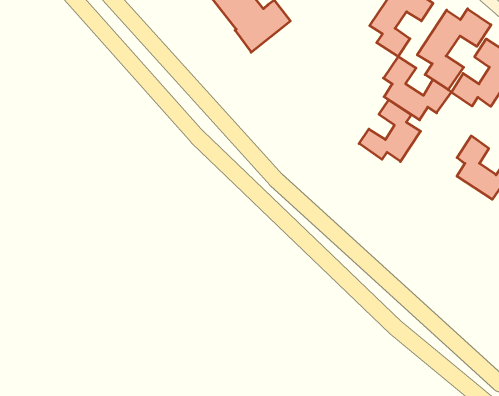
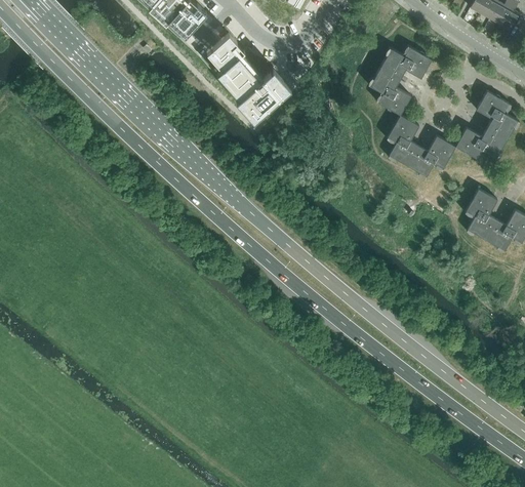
building: [417,9,491,90] -> none
building: [359,100,421,162] -> none

